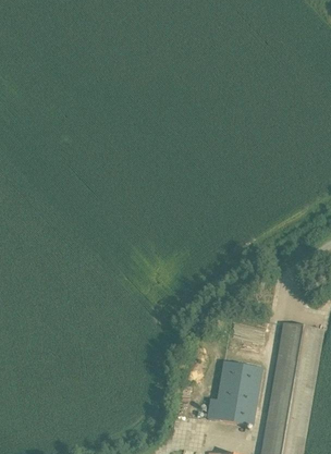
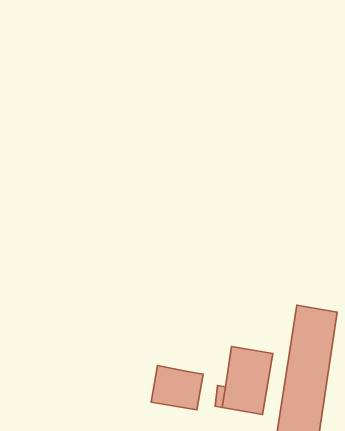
building: none -> [151,365,203,410]

